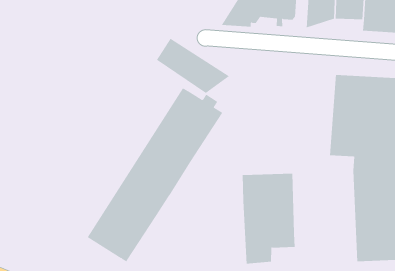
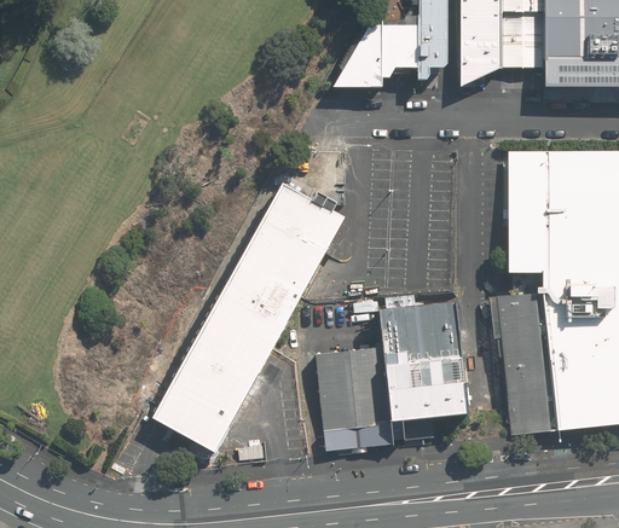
building: [156,38,230,94] -> none
building: none -> [498,294,559,434]
building: none -> [316,349,394,451]

